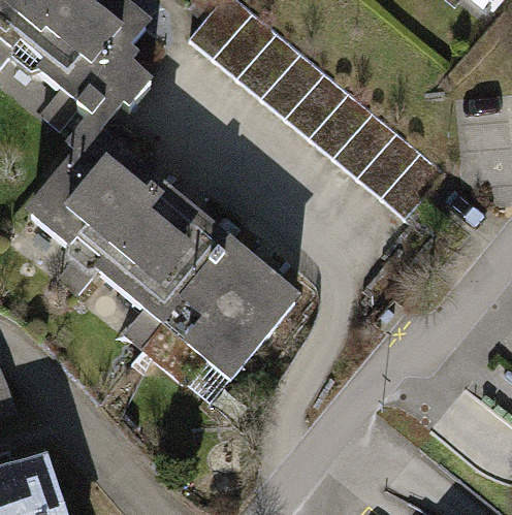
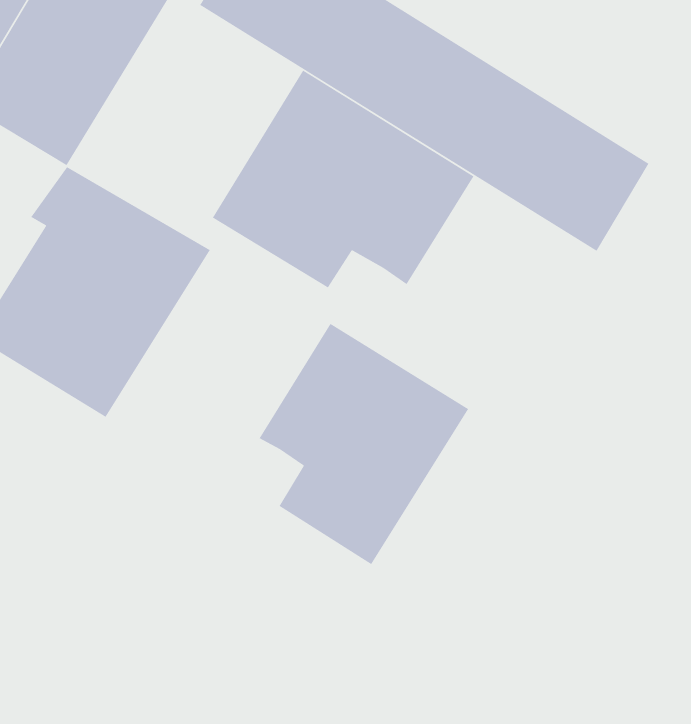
building: none -> [212,70,475,289]
building: [92,180,231,331] -> none

